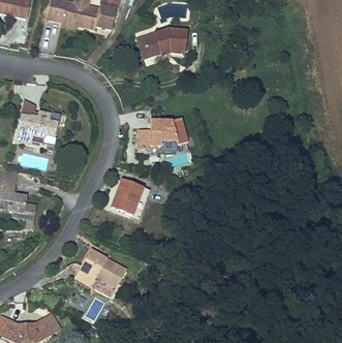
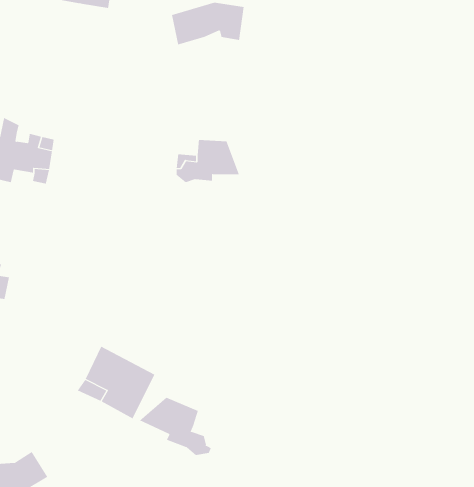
building: [114,177,145,213] -> none
building: none -> [139,397,212,456]

